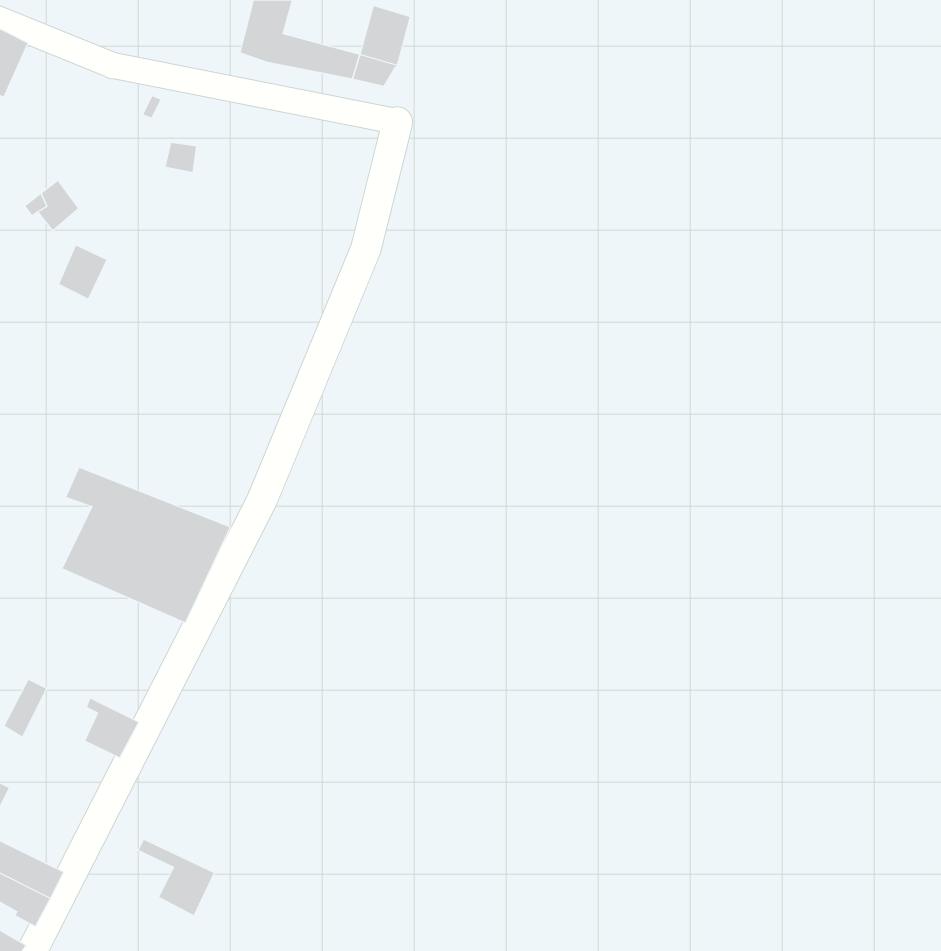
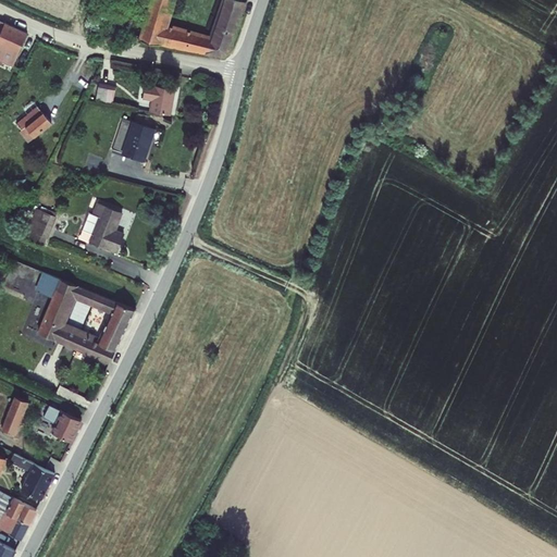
building: none -> [143,85,175,116]
building: none -> [110,116,150,157]
building: [59,245,107,299] -> [28,211,57,243]
building: none -> [90,212,122,257]
building: [138,839,215,916] -> [10,456,54,500]

